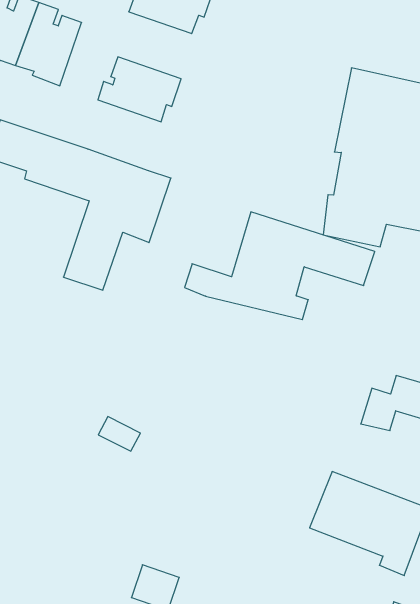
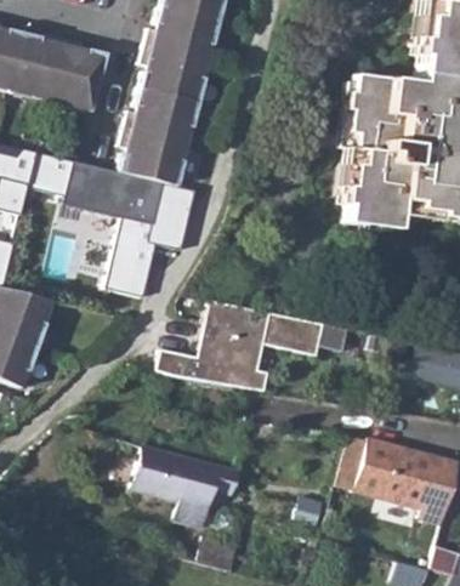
building: none -> [144,41,210,97]
building: none -> [125,123,188,182]
building: [185,212,375,320] -> [155,300,323,392]
building: none -> [135,449,237,525]

